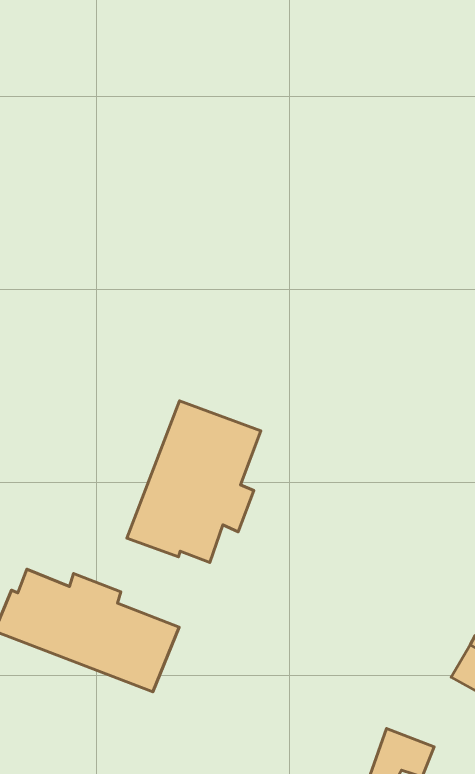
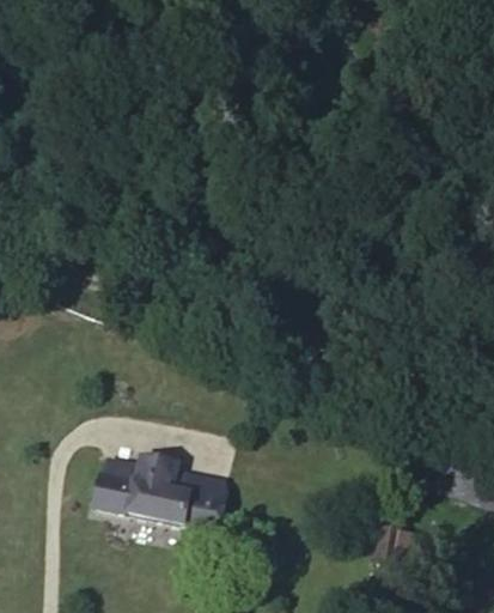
building: [127,401,261,563] -> none

